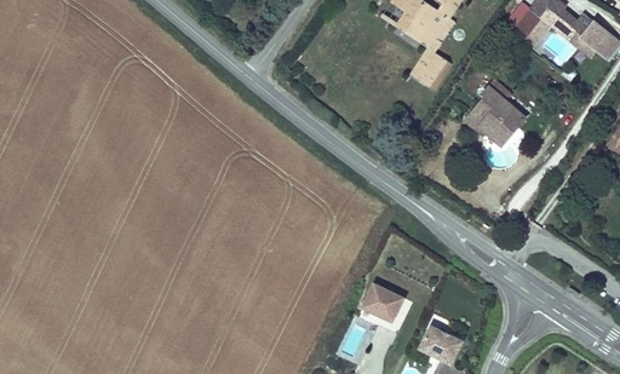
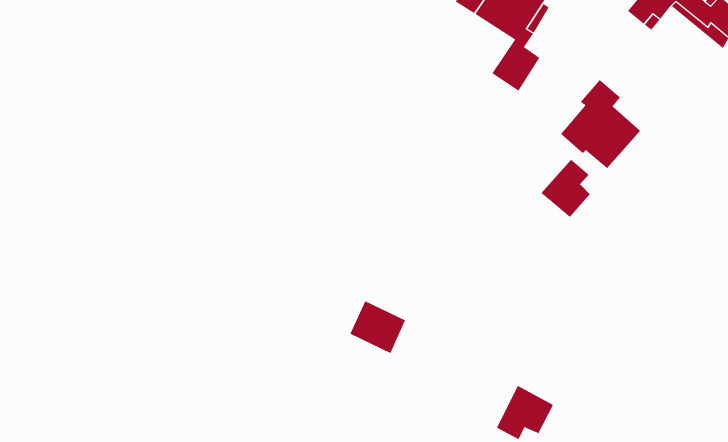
building: none -> [540,159,591,218]
building: [363,276,408,318] -> [350,300,406,354]

